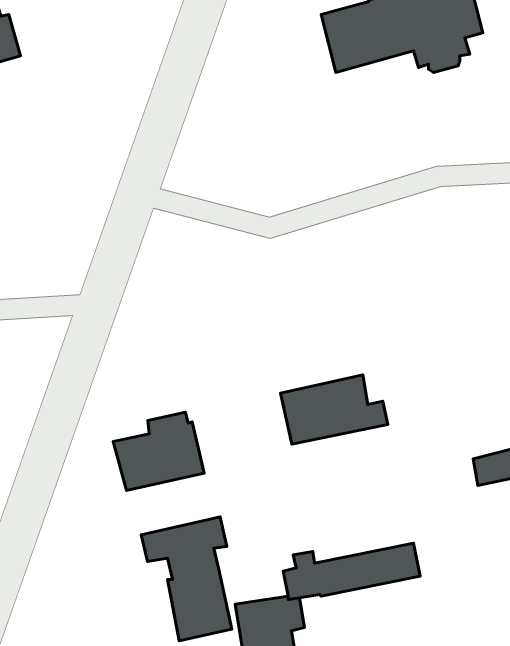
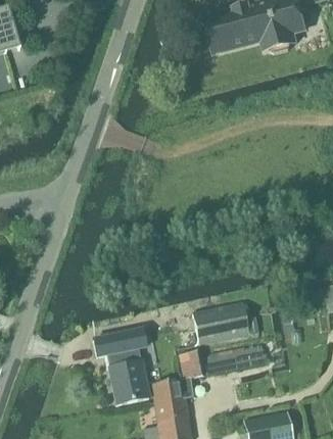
building: [280,375,388,444] -> [193,301,259,344]
building: [113,412,204,491] -> none

